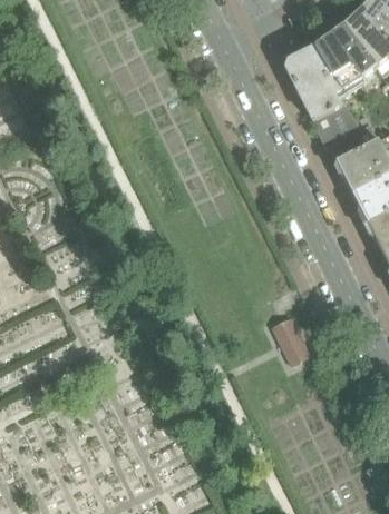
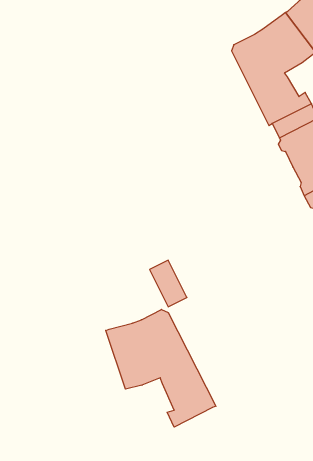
building: [271,313,311,363] -> [150,260,187,307]
building: none -> [106,309,216,427]

